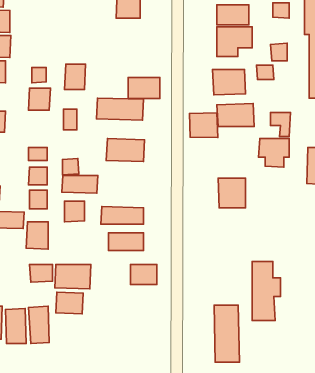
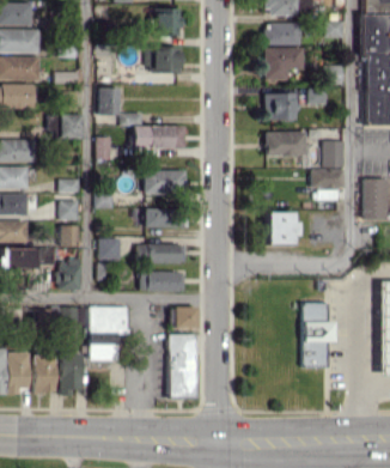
building: [128,78,160,98] -> [146,48,181,71]
building: [189,113,218,137] -> none
building: [62,176,98,193] -> [146,208,185,227]
building: [214,305,239,362] -> [170,334,197,396]

